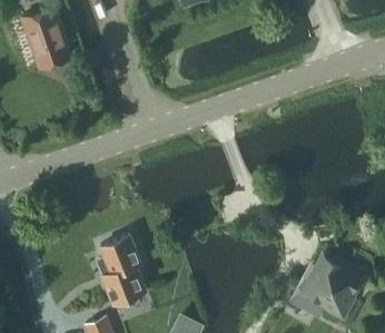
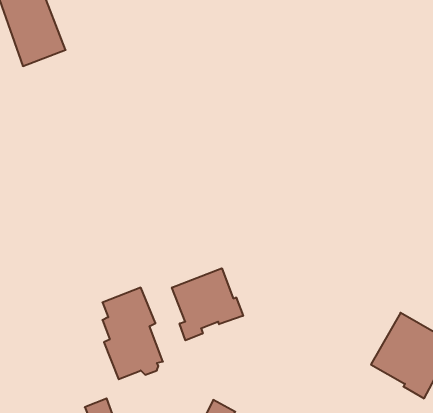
building: none -> [172,268,243,340]

